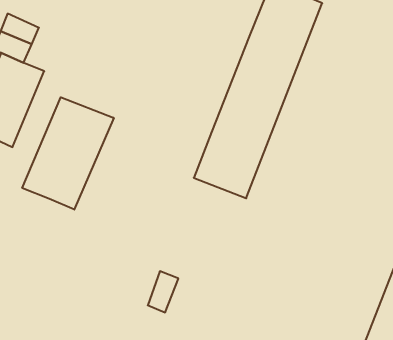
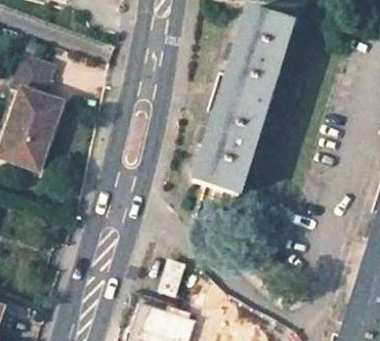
building: [22,97,114,210] -> none

